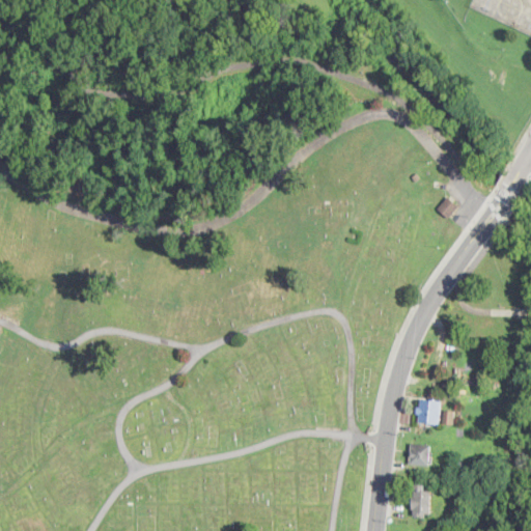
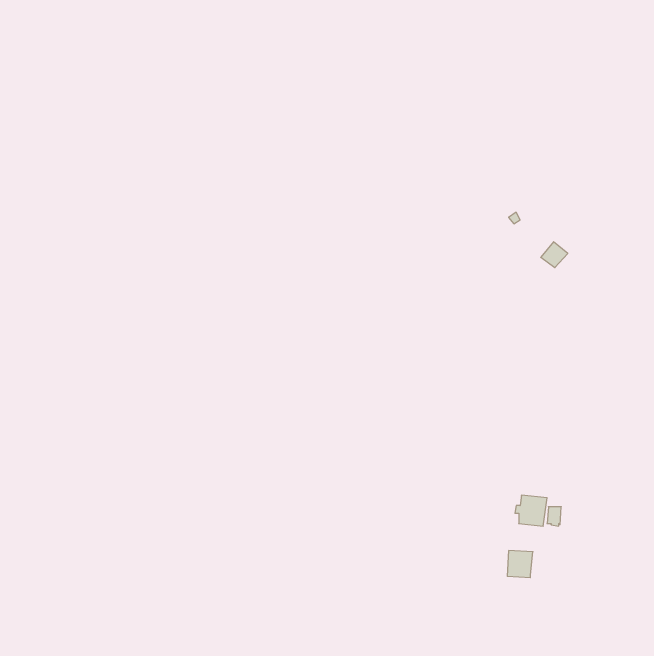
building: [410,485,429,518] -> none

